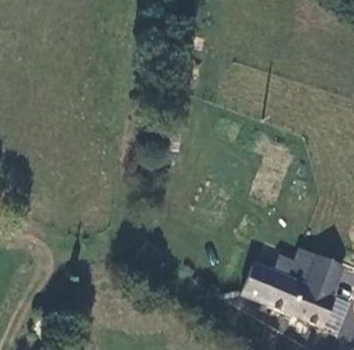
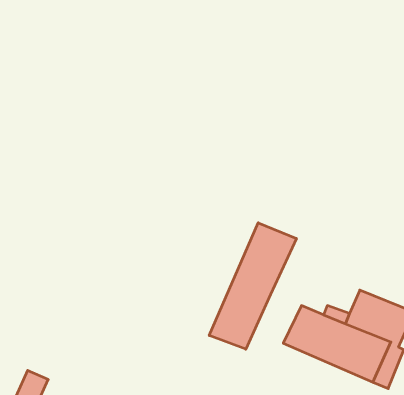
building: none -> [209,223,296,349]

